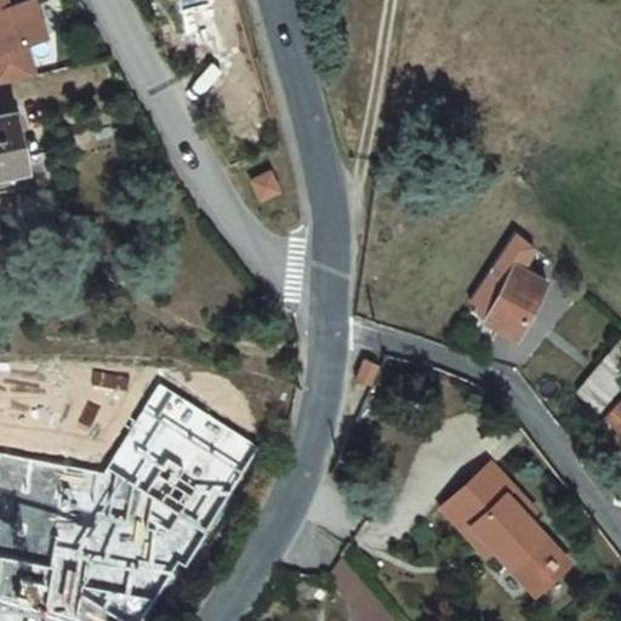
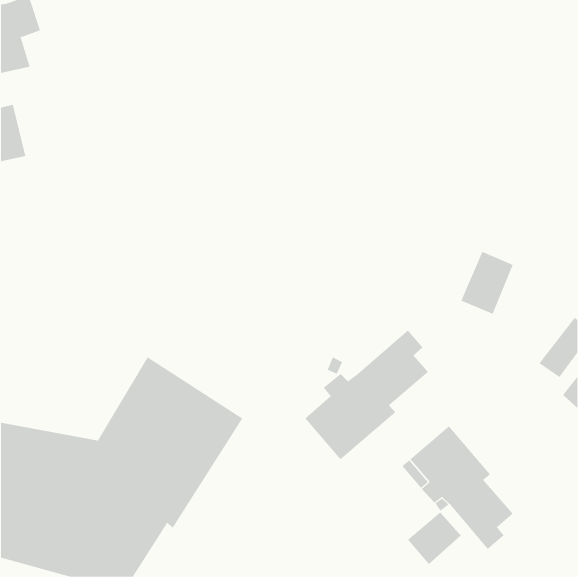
building: [466,234,540,323] -> none
building: none -> [304,329,429,460]
building: none -> [407,511,461,565]

